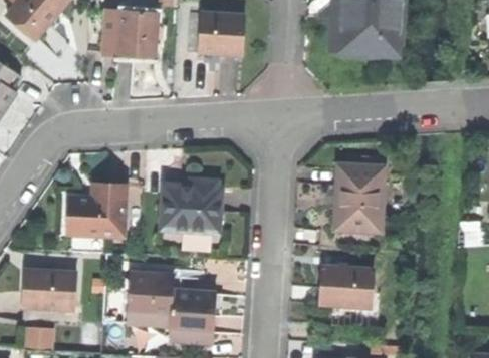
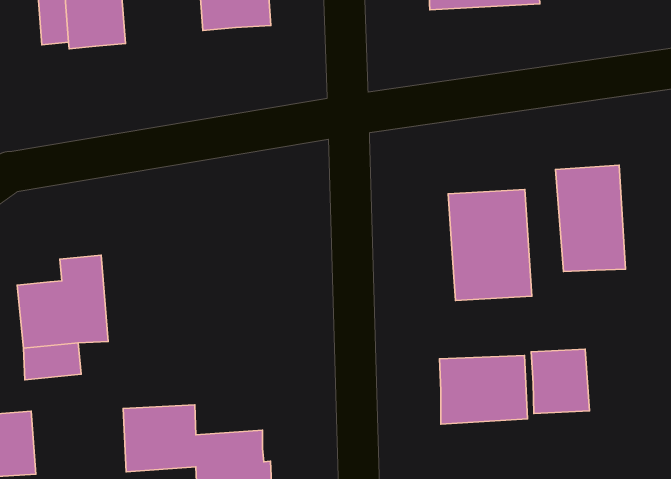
building: none -> [556,165,626,271]
building: [161,177,221,232] -> none
building: none -> [531,349,589,413]

